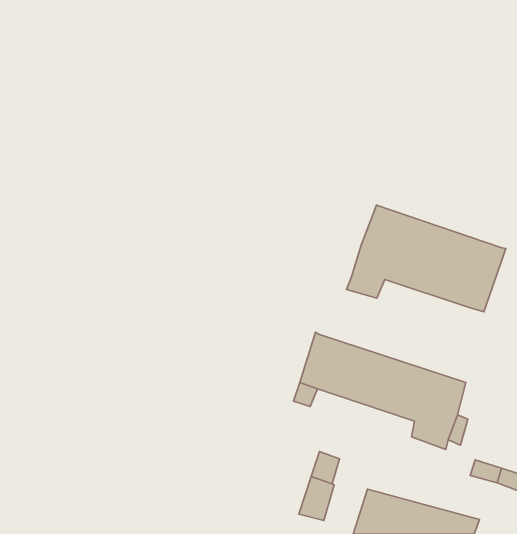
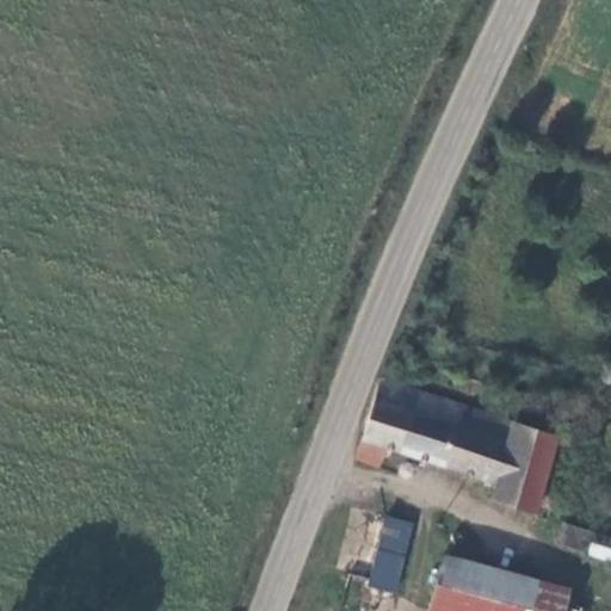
building: [346,205,506,312] -> none

